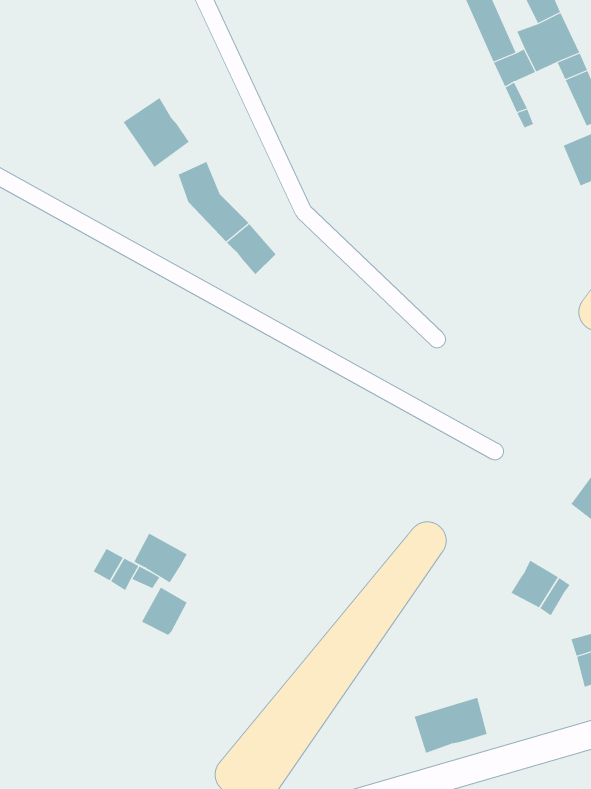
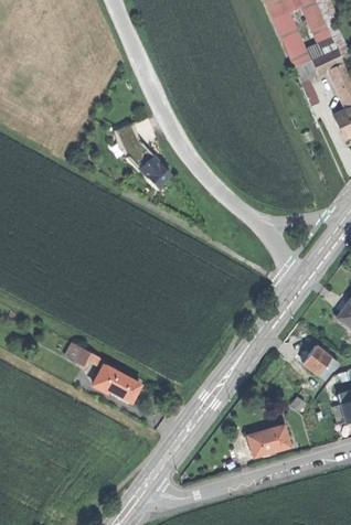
building: [123,97,190,168] -> none
building: [133,533,187,583] -> [110,373,141,401]

